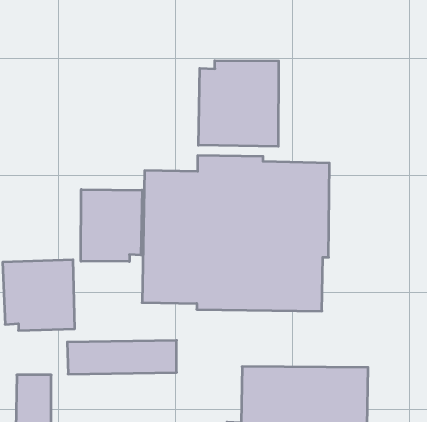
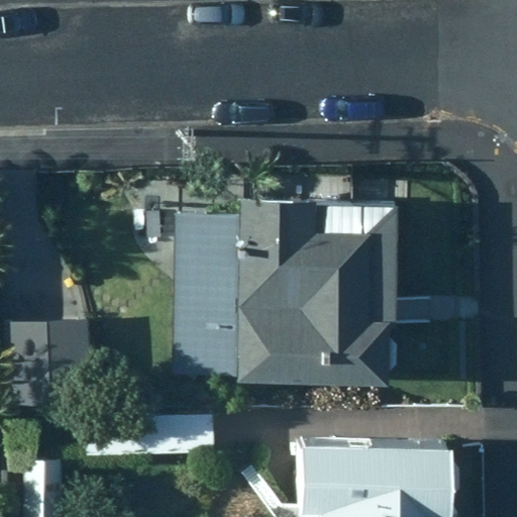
building: [198,61,279,146] -> none
building: [81,189,142,262] -> none

